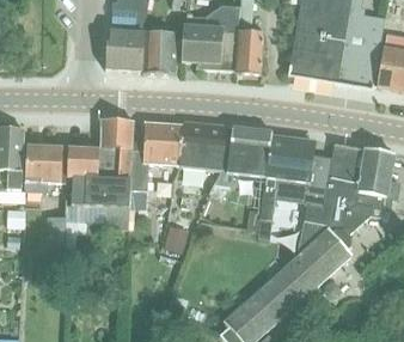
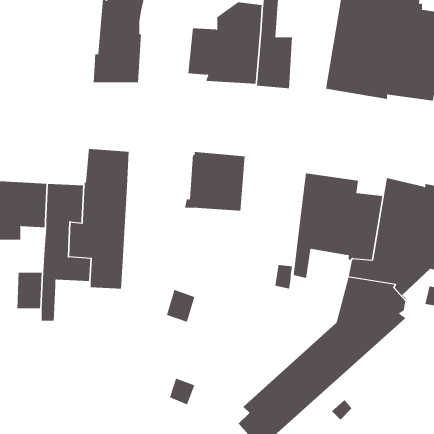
building: [142,29,177,73] -> none
building: [130,121,184,208] -> none
building: [209,124,273,195] -> none

